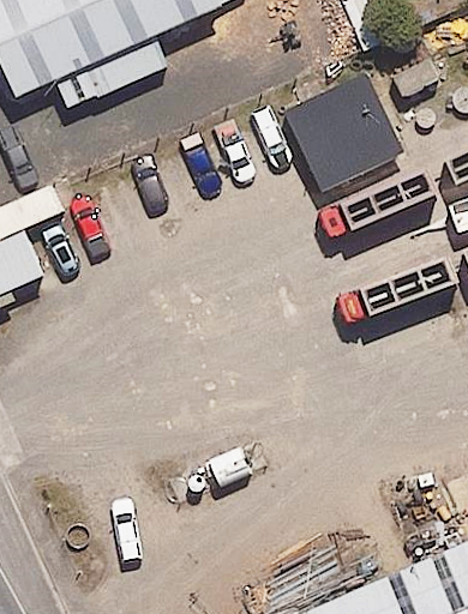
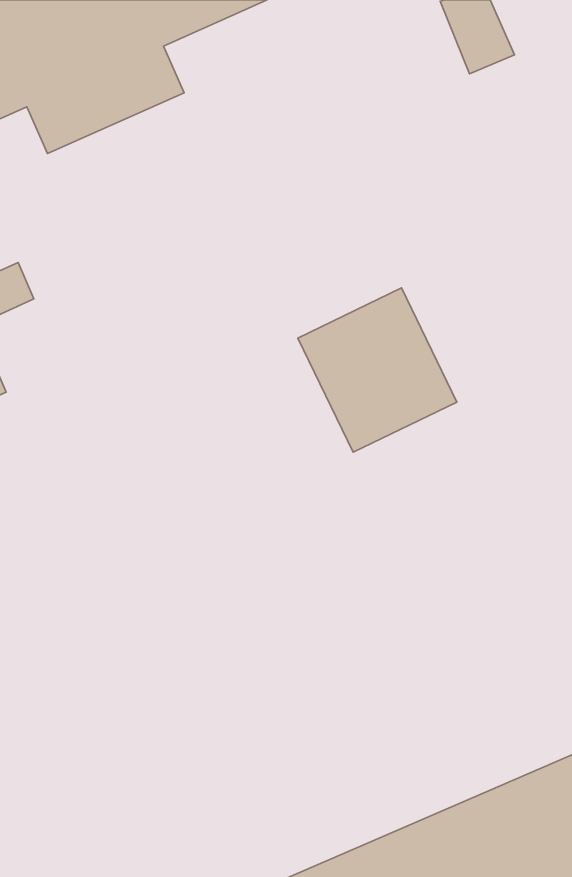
building: [286,78,396,192] -> [298,288,457,452]

